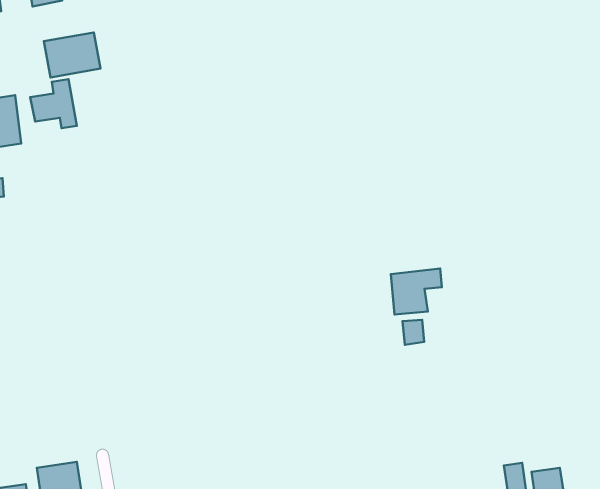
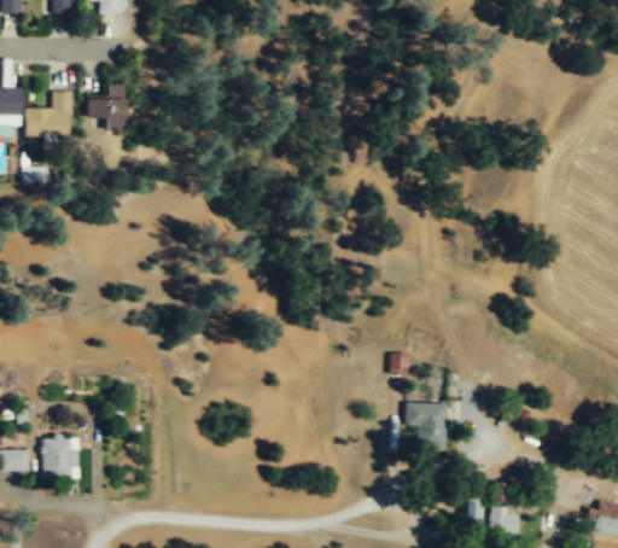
building: [44,32,100,78] -> none
building: [391,268,442,315] -> none
building: none -> [404,401,445,445]

